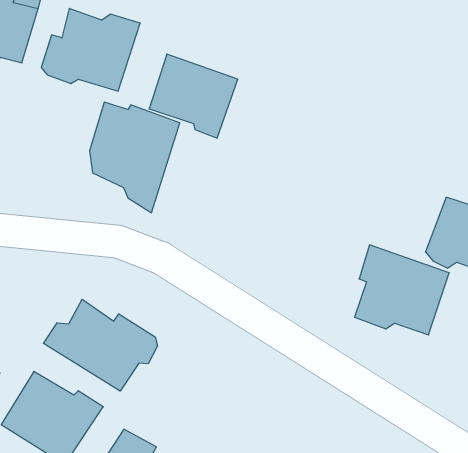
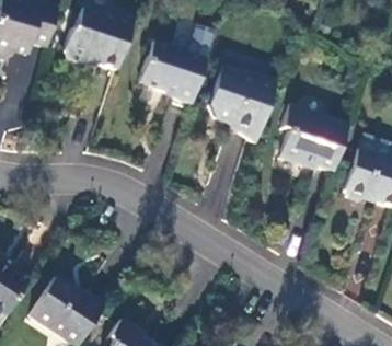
building: [90,102,180,213] -> [209,66,276,148]
building: [355,245,449,335] -> [279,103,349,170]
building: [43,299,158,391] -> none

